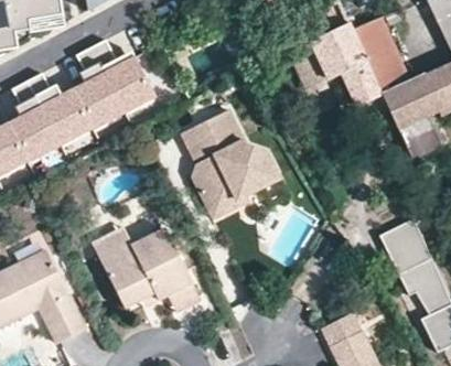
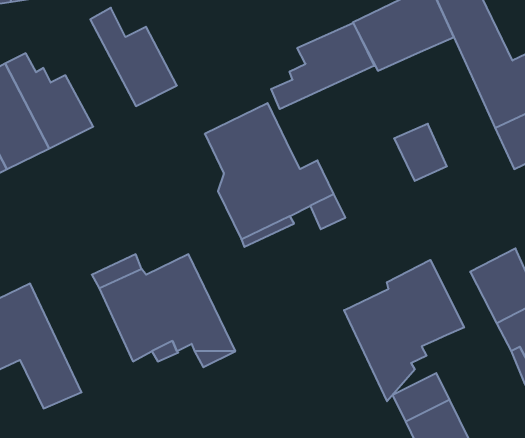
building: [74,46,127,127] -> none
building: none -> [271,23,374,109]
building: [341,60,380,103] -> [394,124,447,181]
building: none -> [344,260,464,401]

